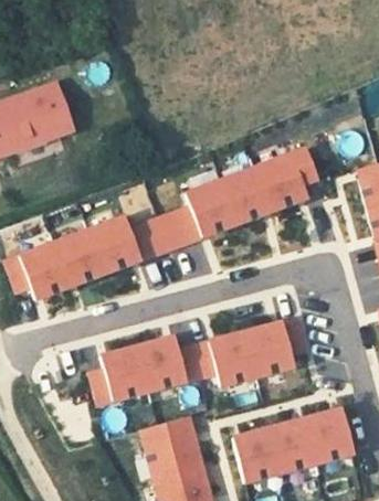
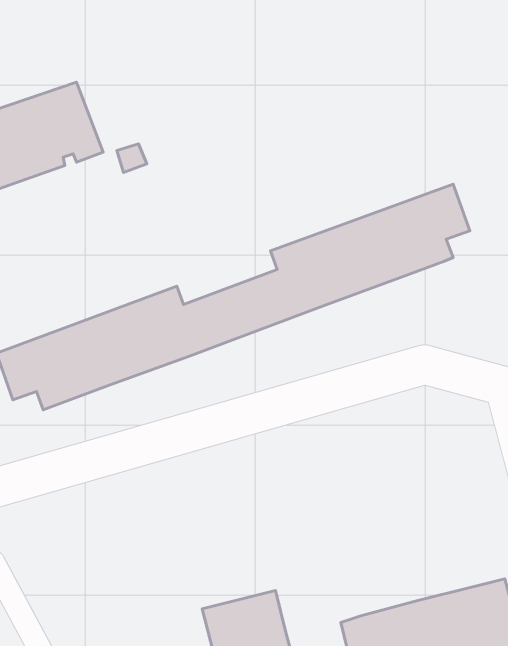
building: [88,319,306,404] -> none

